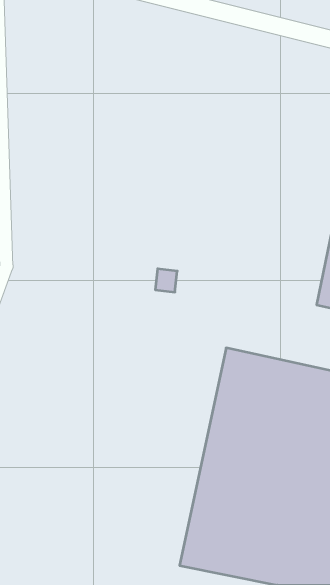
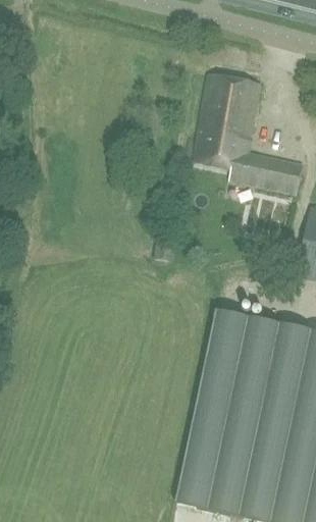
building: none -> [192,72,302,194]

